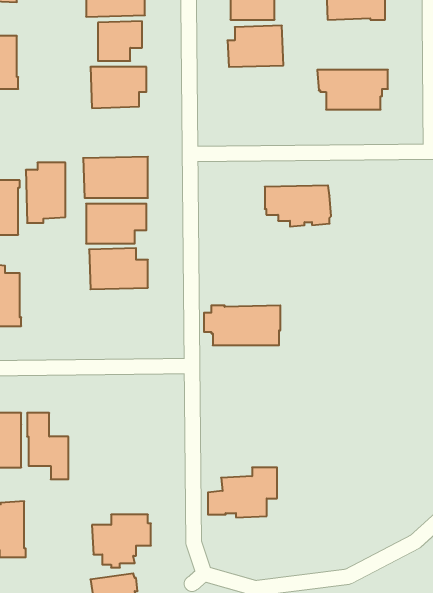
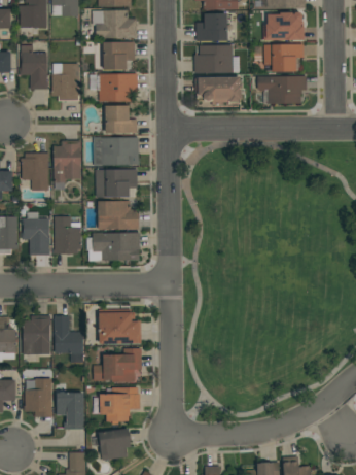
building: none -> [263,43,305,72]
building: none -> [52,63,79,100]
building: none -> [90,105,137,134]
building: [265,185,331,227] -> [195,76,242,105]
building: none -> [54,215,82,253]
building: [204,305,280,345] -> [87,232,141,260]
building: none -> [100,309,140,343]
building: [208,467,277,517] -> [94,347,142,382]
building: none -> [57,392,84,429]

